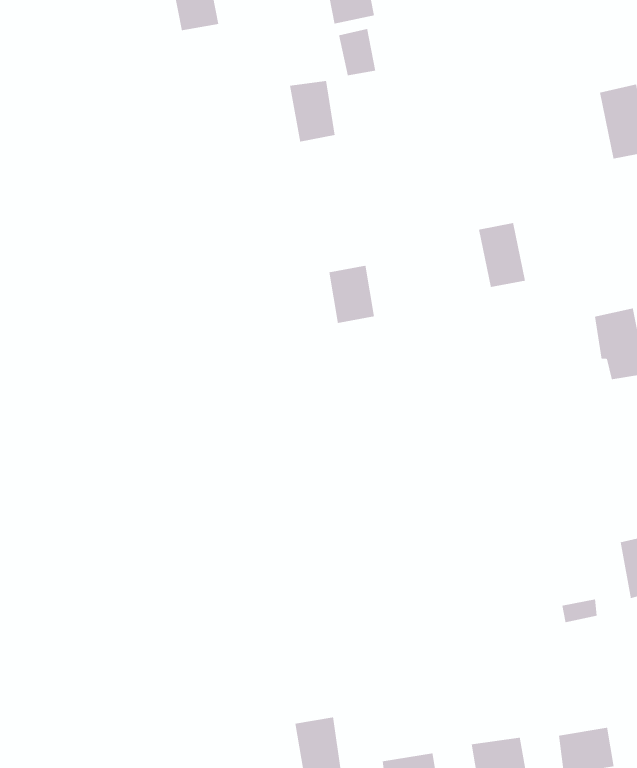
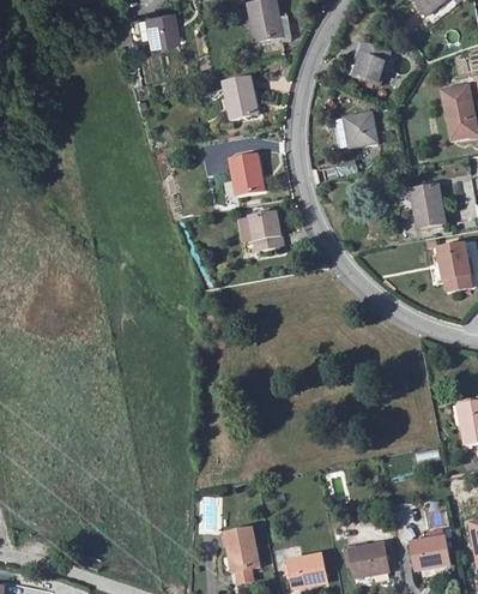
building: none -> [350,41,391,84]
building: [338,28,376,76] -> none
building: none -> [343,112,377,146]
building: none -> [231,151,266,192]
building: [478,223,526,288] -> [410,184,443,229]

